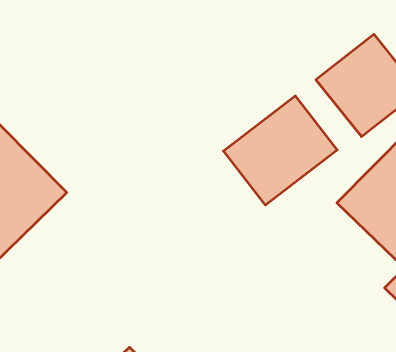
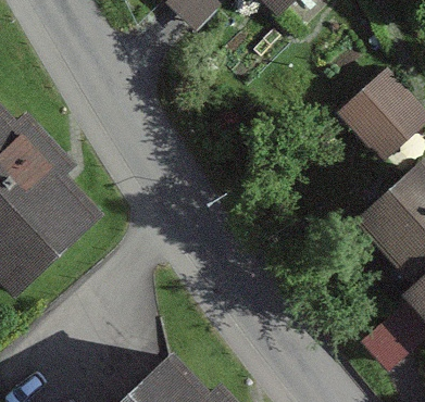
building: [223,96,337,205] -> none

